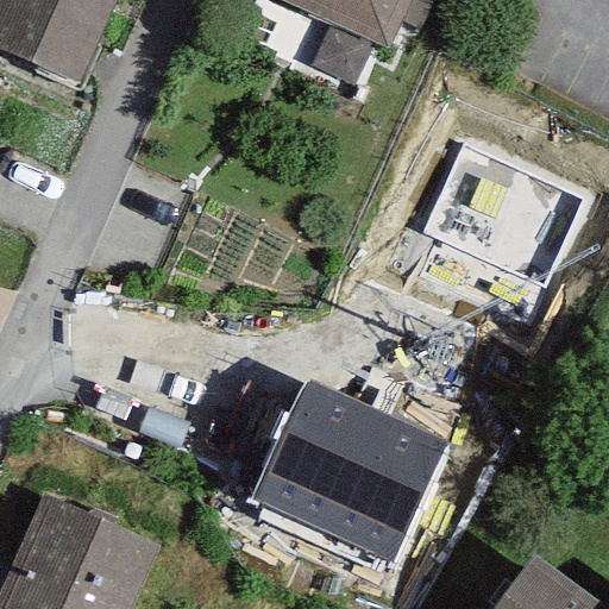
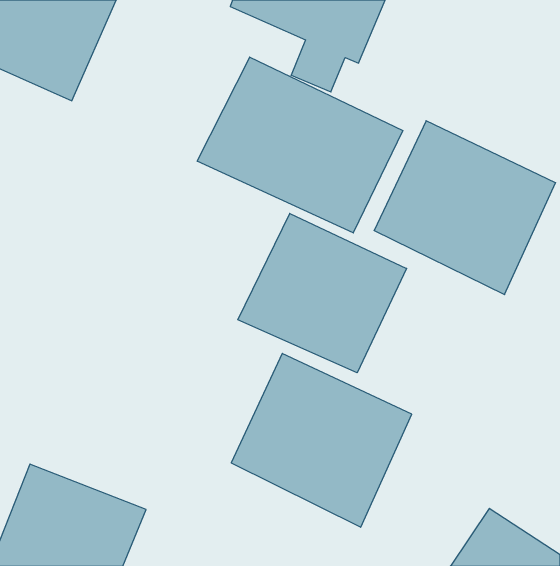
building: none -> [197,57,403,233]
building: none -> [238,213,407,373]

